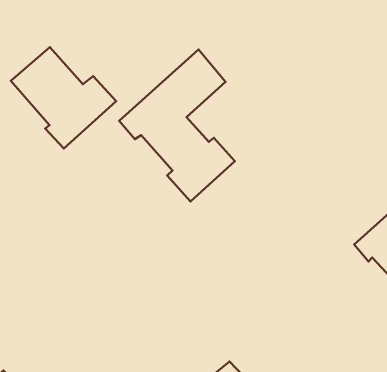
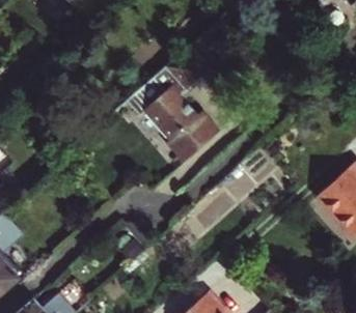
building: [11,47,116,148] -> none

